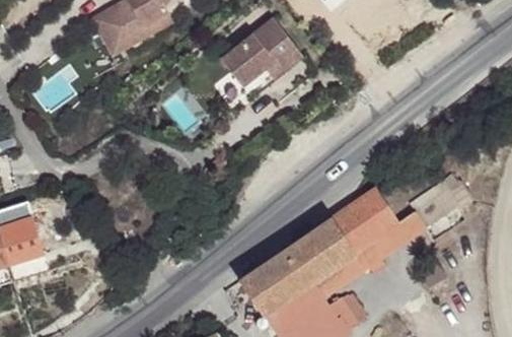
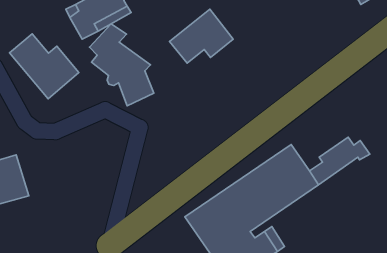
building: none -> [90,24,154,106]
building: none -> [9,34,79,99]

